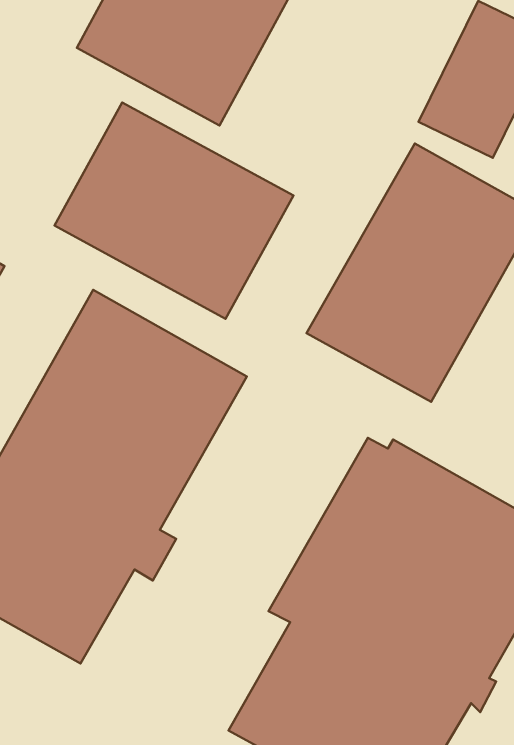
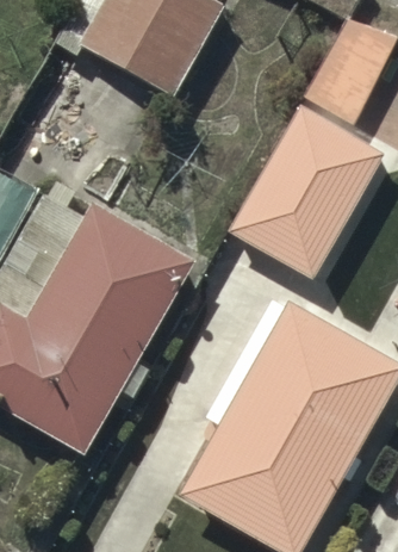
building: [54,102,294,319] -> none

